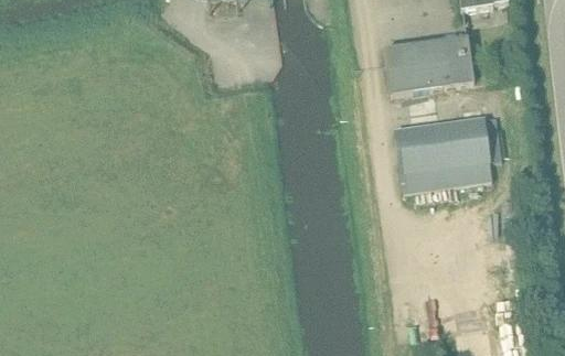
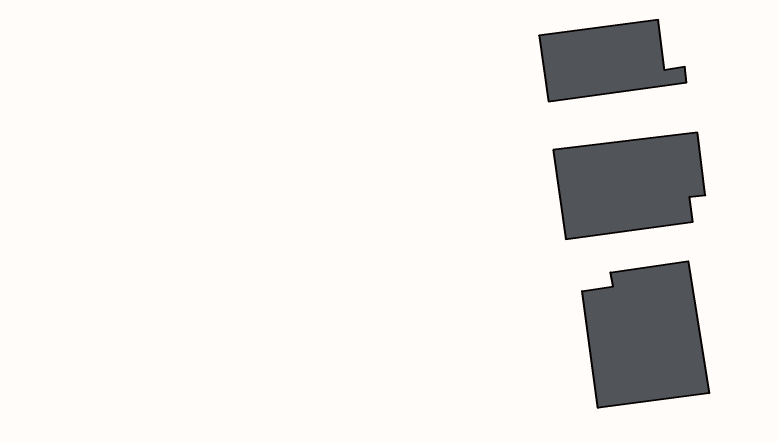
building: none -> [582,261,709,408]

